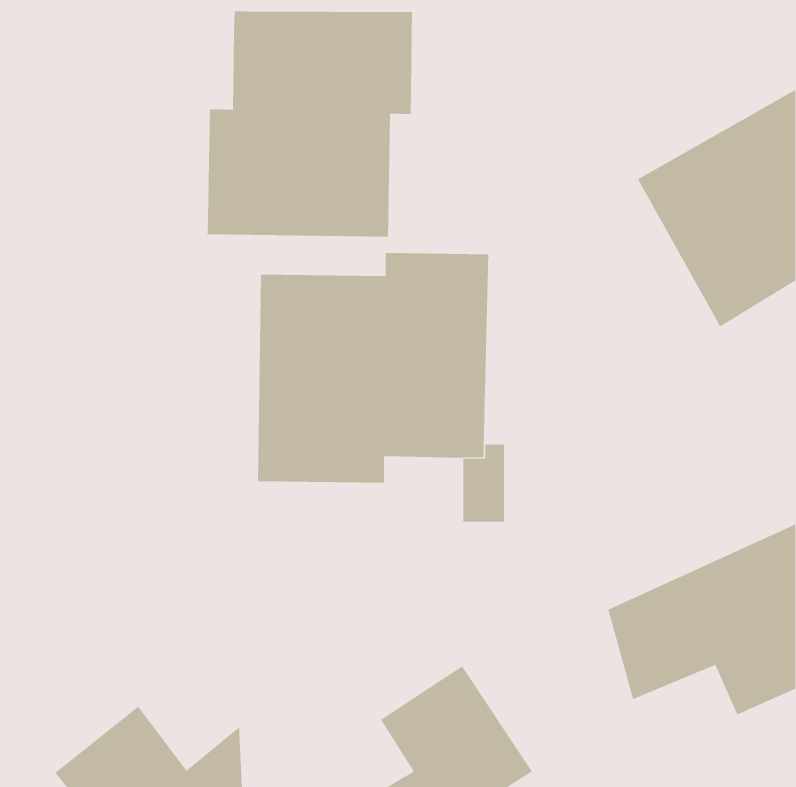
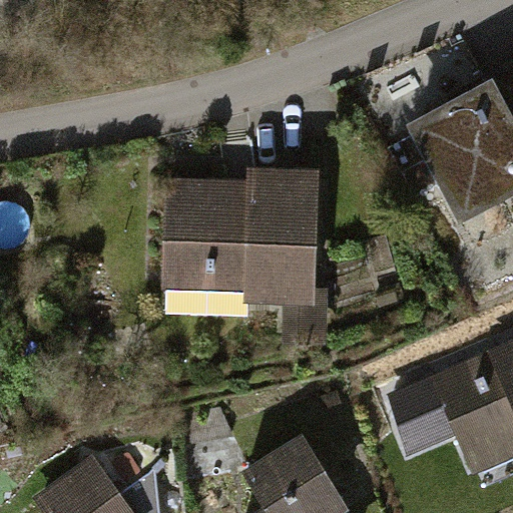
building: [207,10,413,238] -> none

